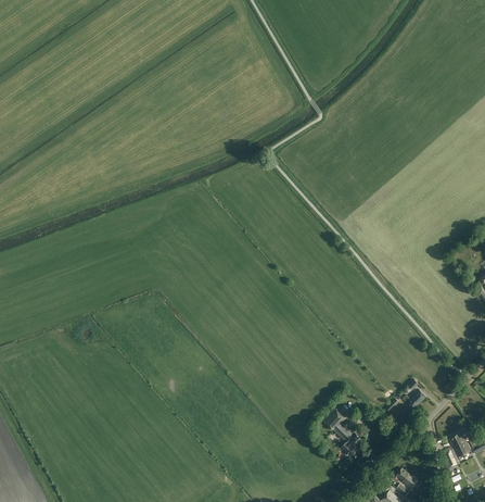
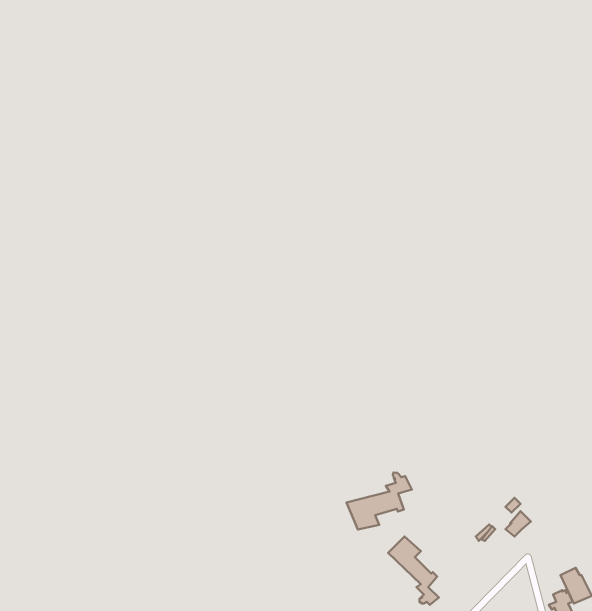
building: none -> [346,473,412,530]

